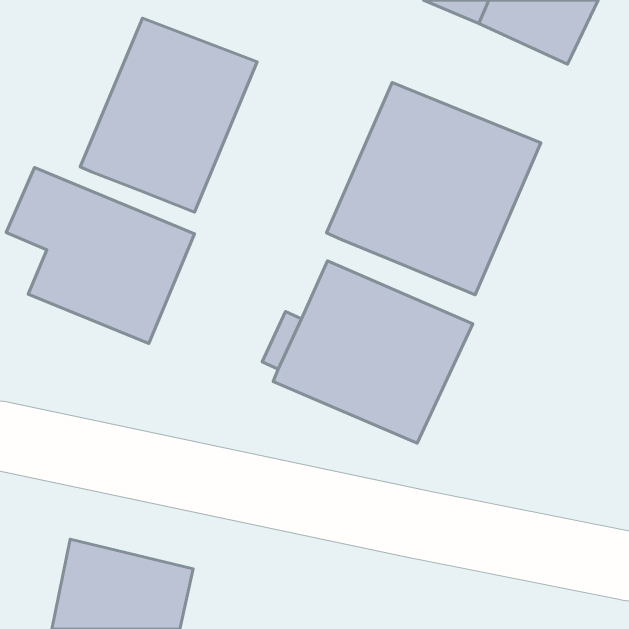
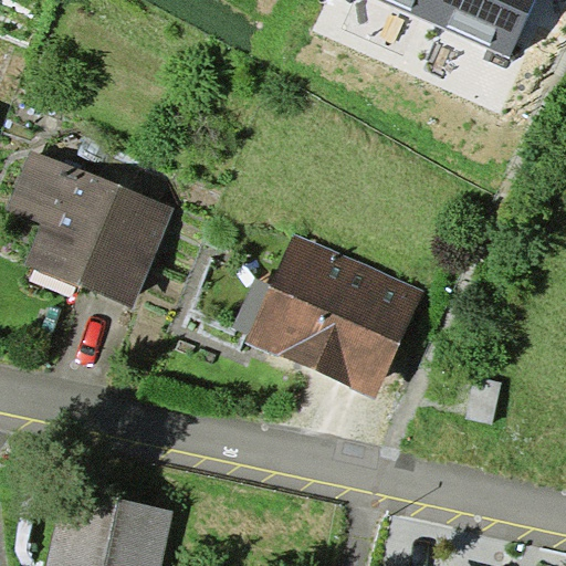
building: [80,18,257,212] -> none
building: [327,83,541,295] -> none

